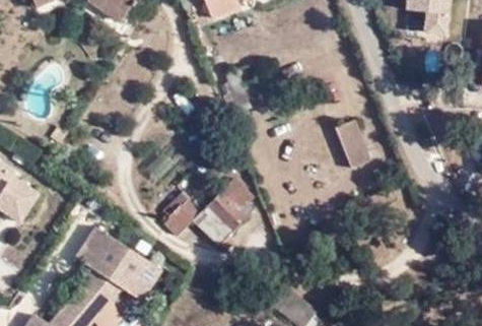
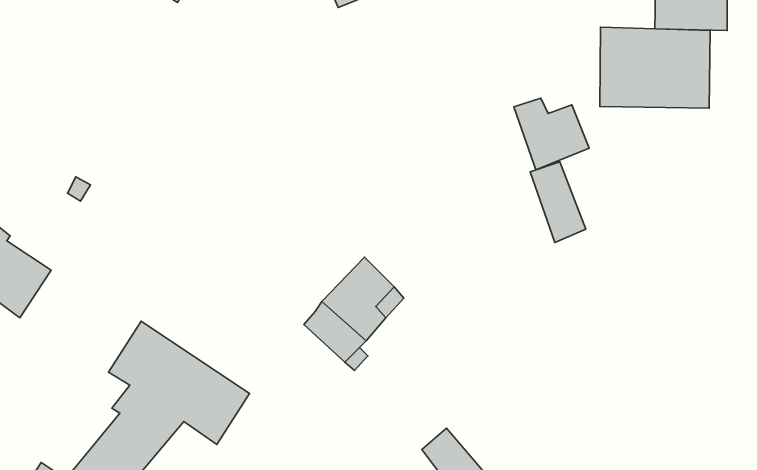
building: none -> [600,27,710,108]
building: none -> [514,98,589,170]
building: [161,192,201,240] -> none

